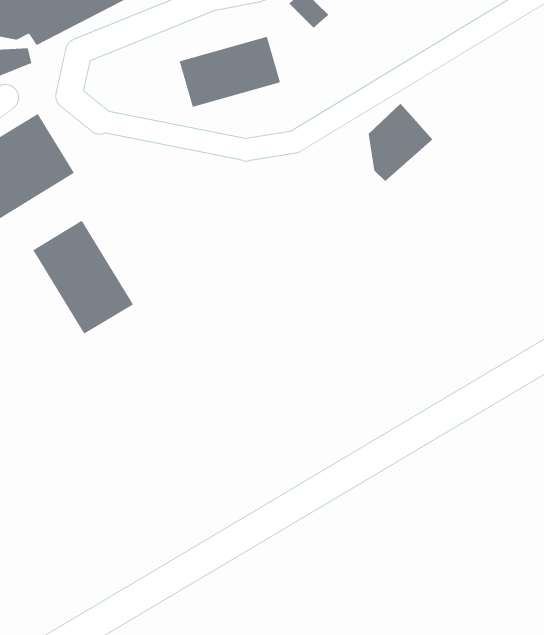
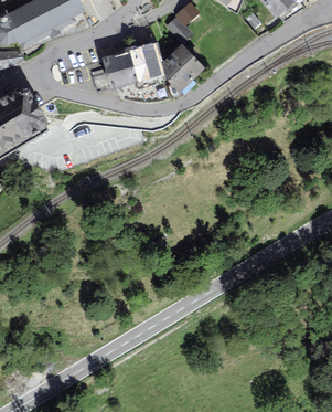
building: [368,103,433,182] -> [164,45,202,91]
building: [32,220,134,334] -> none

